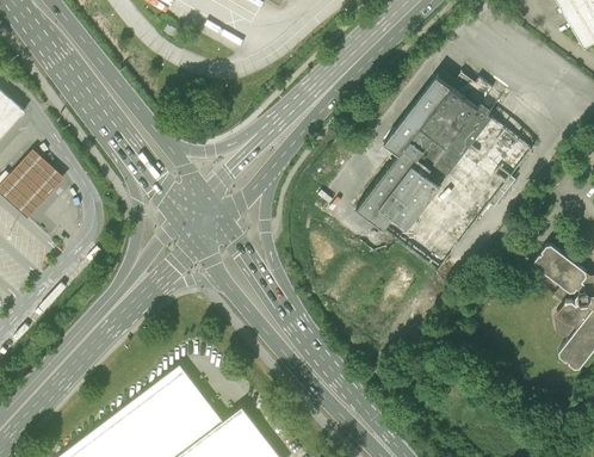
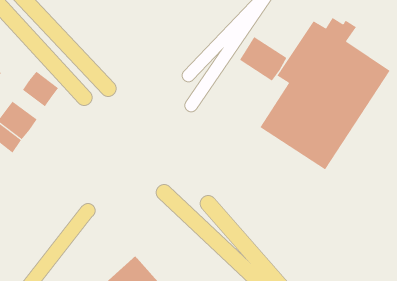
building: none -> [239,36,287,82]
building: none -> [22,71,59,107]

